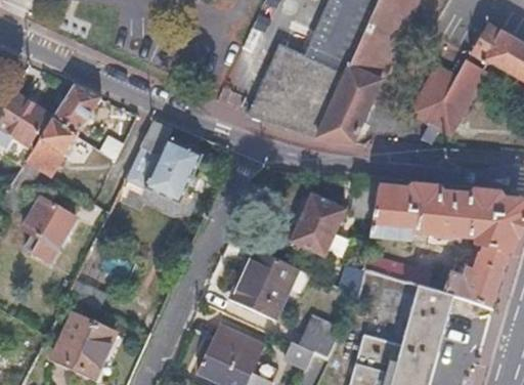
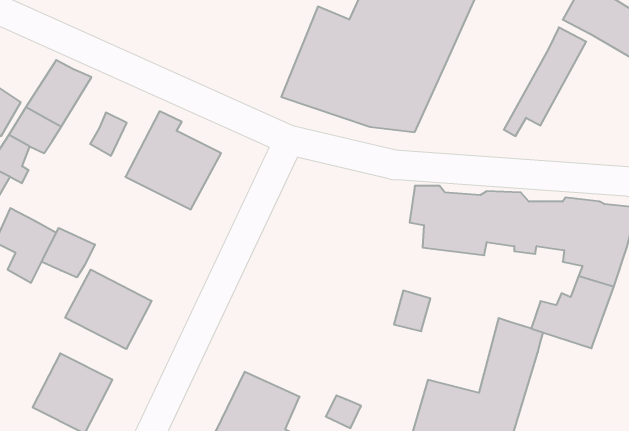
building: [411,61,458,120] -> none
building: [292,195,344,257] -> none
building: none -> [42,228,95,277]
building: none -> [65,270,152,349]
building: [230,248,297,320] -> none
building: [300,318,342,360] -> none

